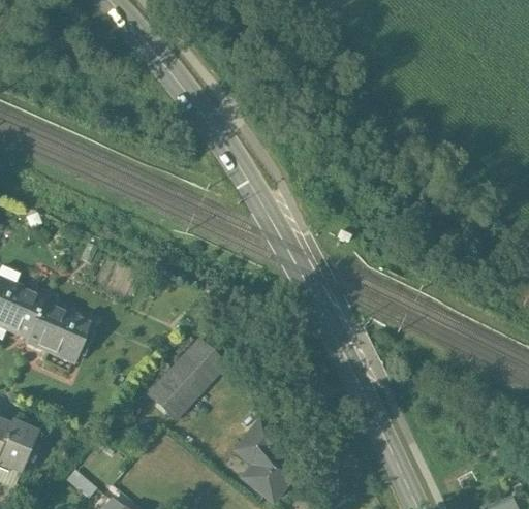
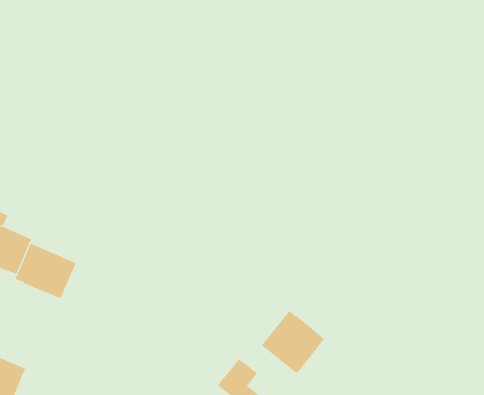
building: [148,340,224,417] -> none
building: none -> [258,310,325,374]

